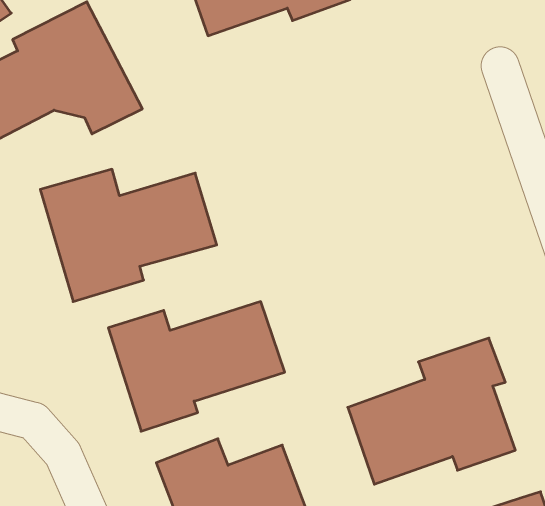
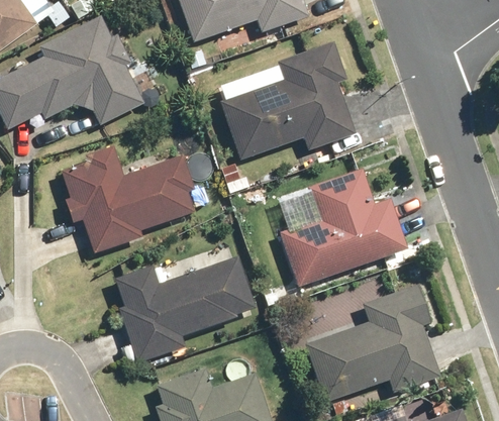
building: none -> [218,40,356,161]
building: none -> [280,166,406,288]

